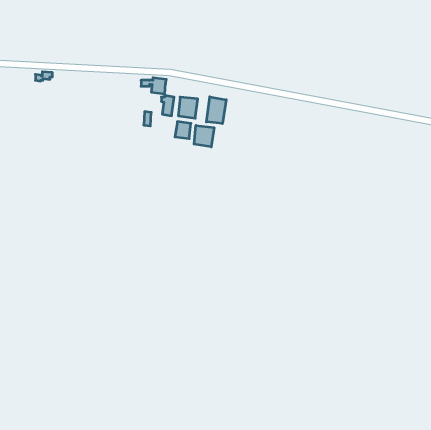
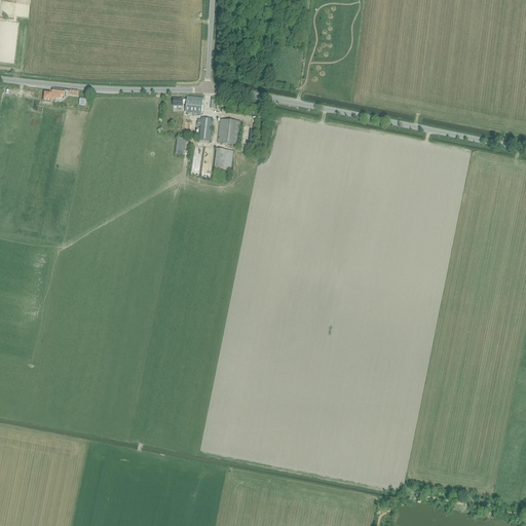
building: [206,97,226,124] -> none
building: [194,125,214,147] -> none

